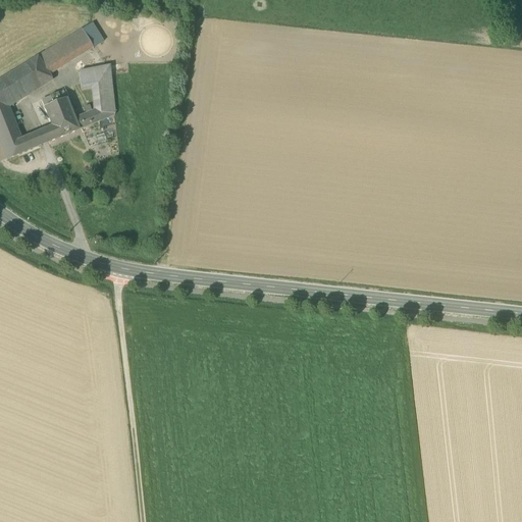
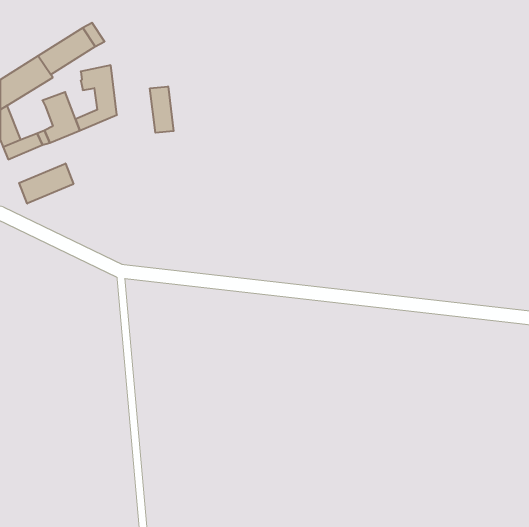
building: none -> [150,86,174,133]
building: none -> [19,163,73,204]

